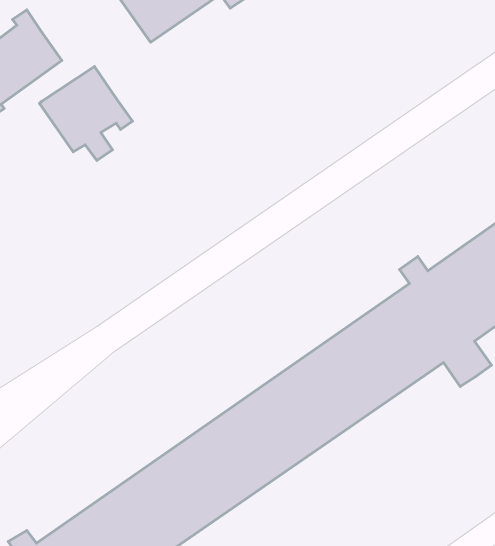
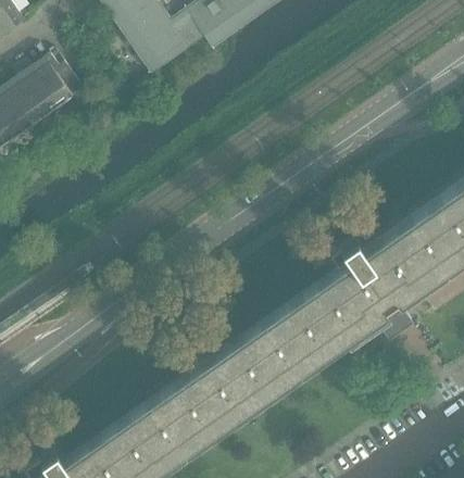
building: [40,66,132,161] -> none

